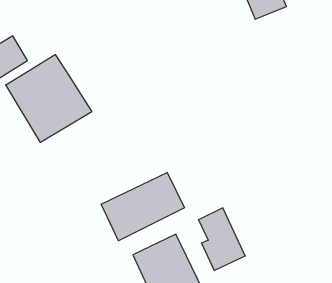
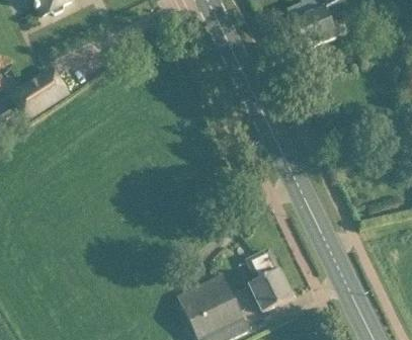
building: [6,55,92,142] -> none
building: [101,172,184,241] -> none

